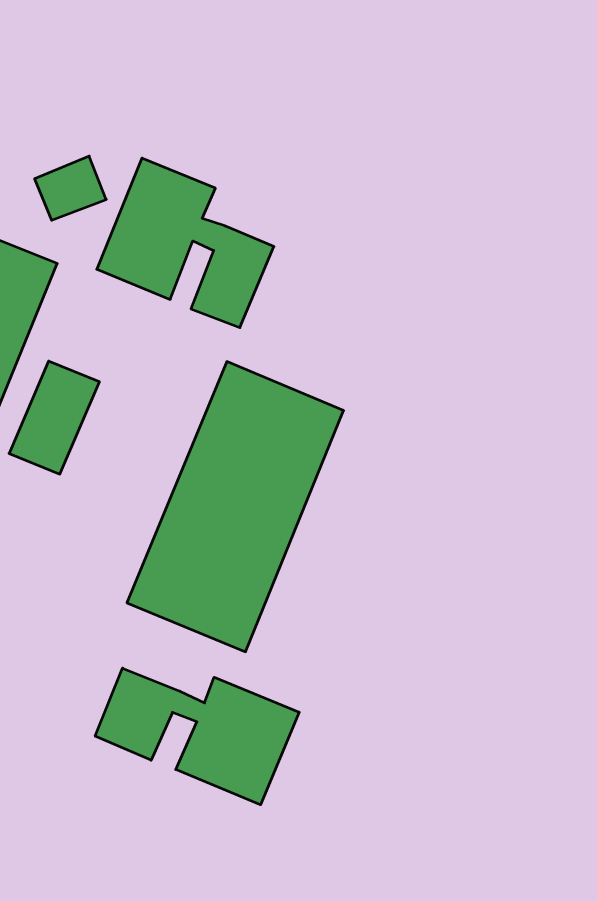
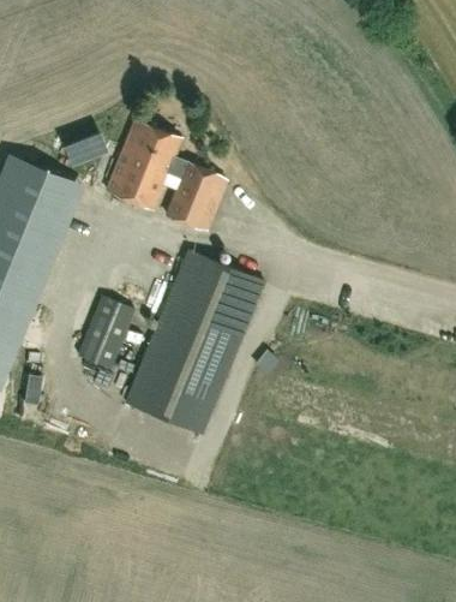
building: [9,361,99,474] -> [78,297,136,369]
building: [95,668,299,805] -> none

